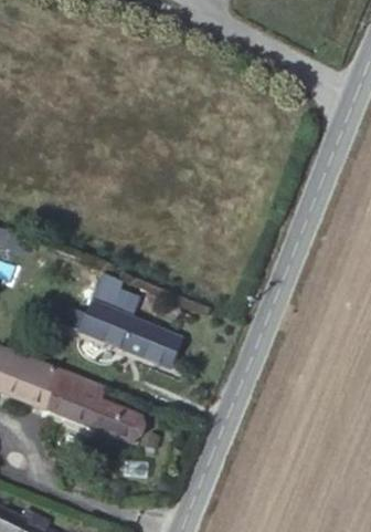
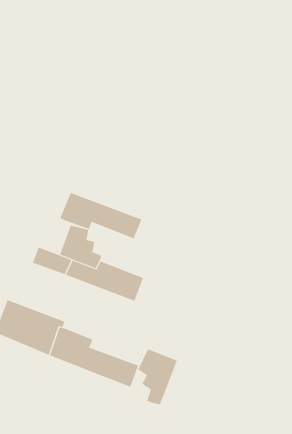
building: none -> [60,192,142,239]
building: none -> [137,348,178,405]

